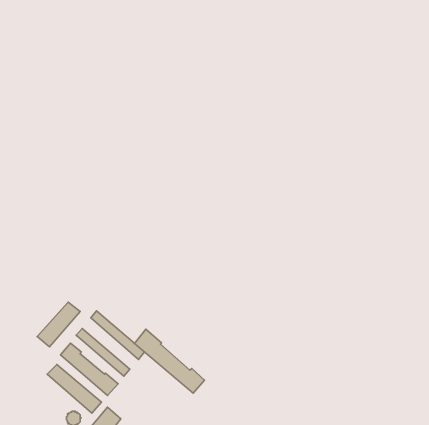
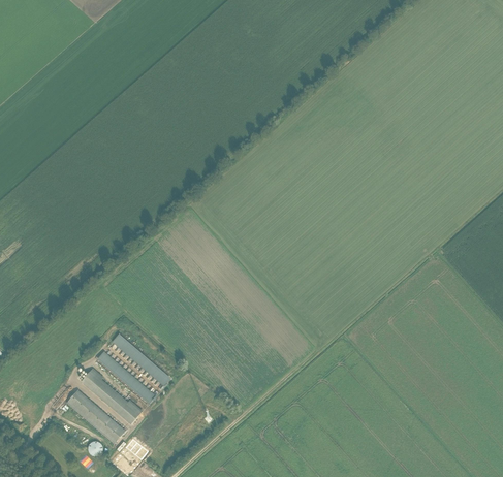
building: [37,302,80,347] -> none
building: [135,329,205,393] -> none

